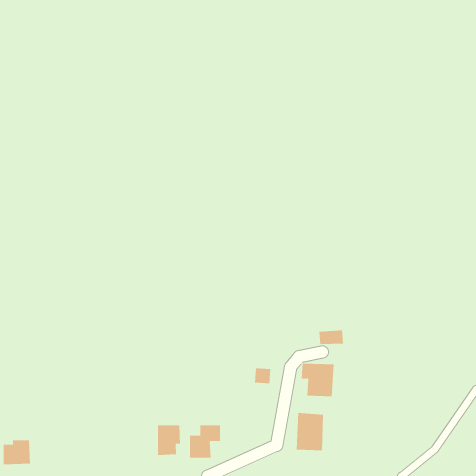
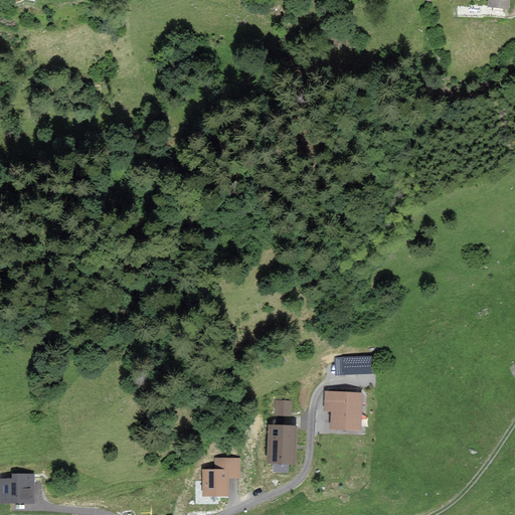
building: [296,413,324,451] -> [267,422,297,464]
building: [157,425,180,456] -> none

